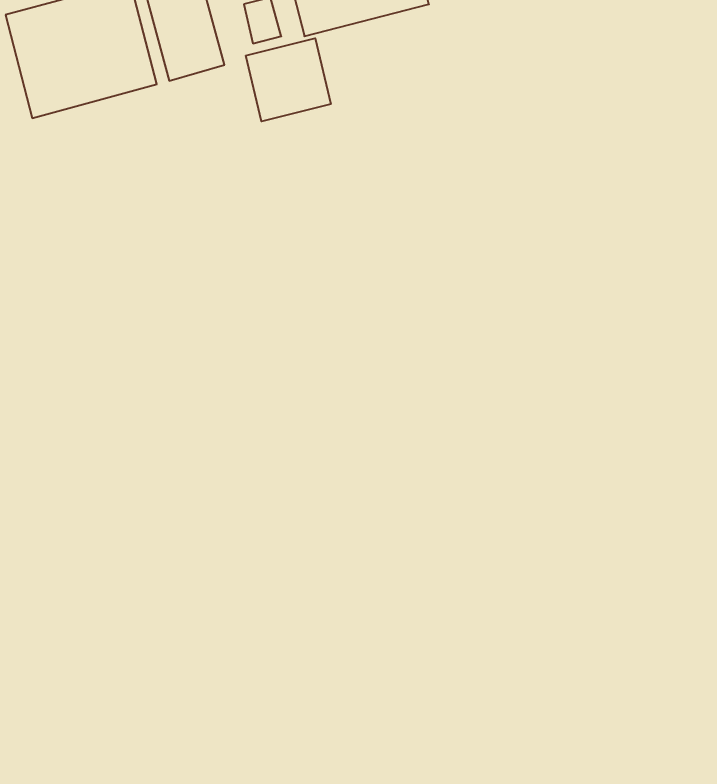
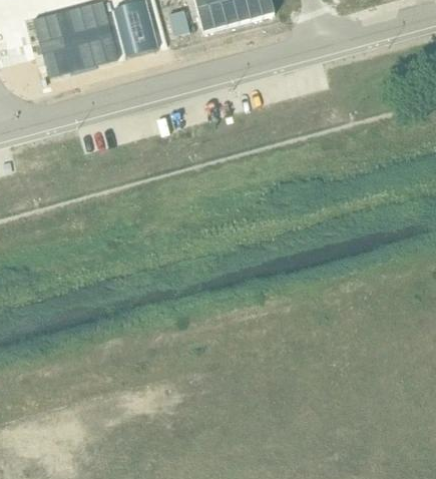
building: [246,38,331,121] -> none

